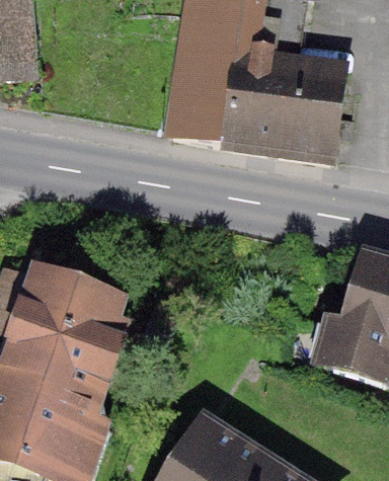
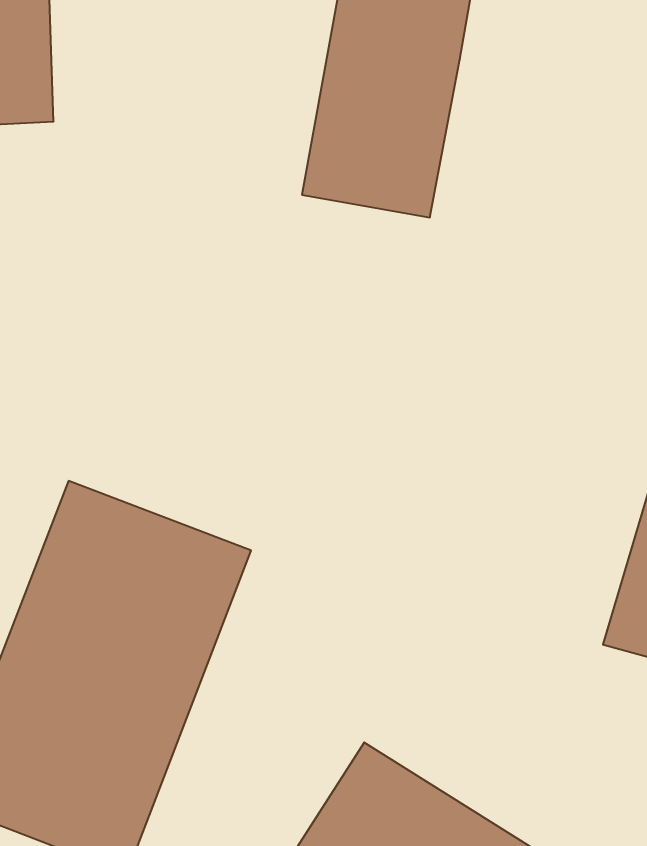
building: [235,49,343,151] -> none

